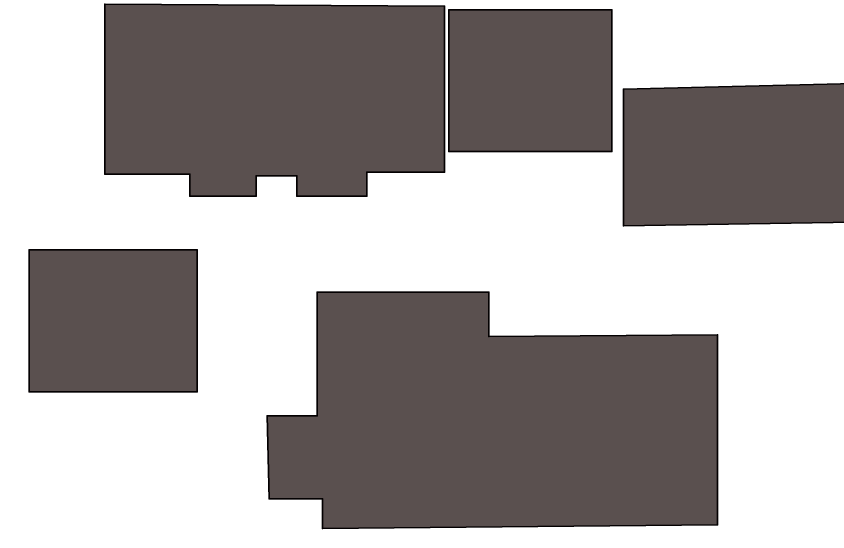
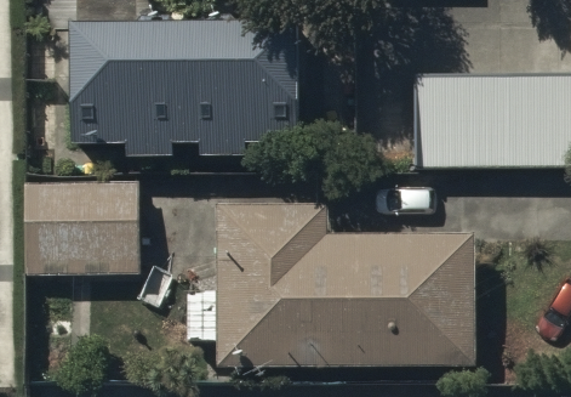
building: [449,10,612,152] -> none

